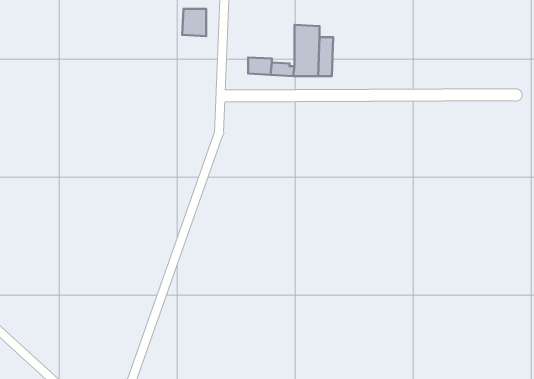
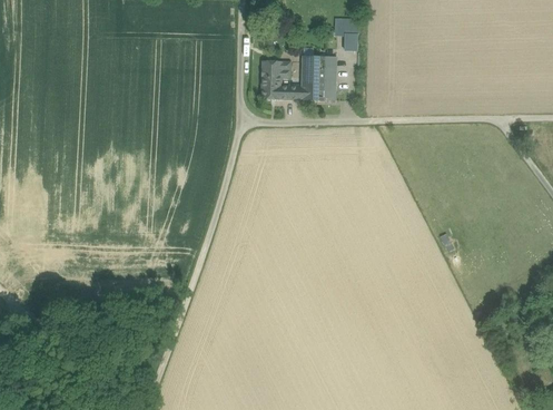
building: [182,9,206,36] -> [261,60,283,85]

